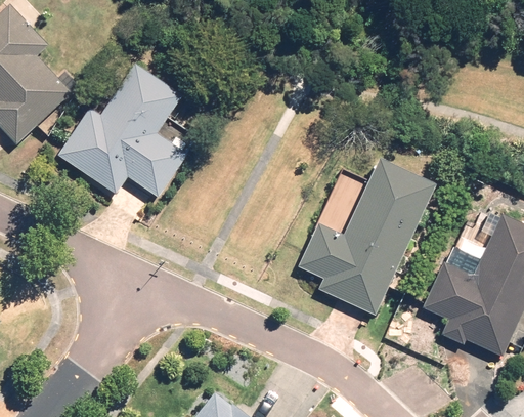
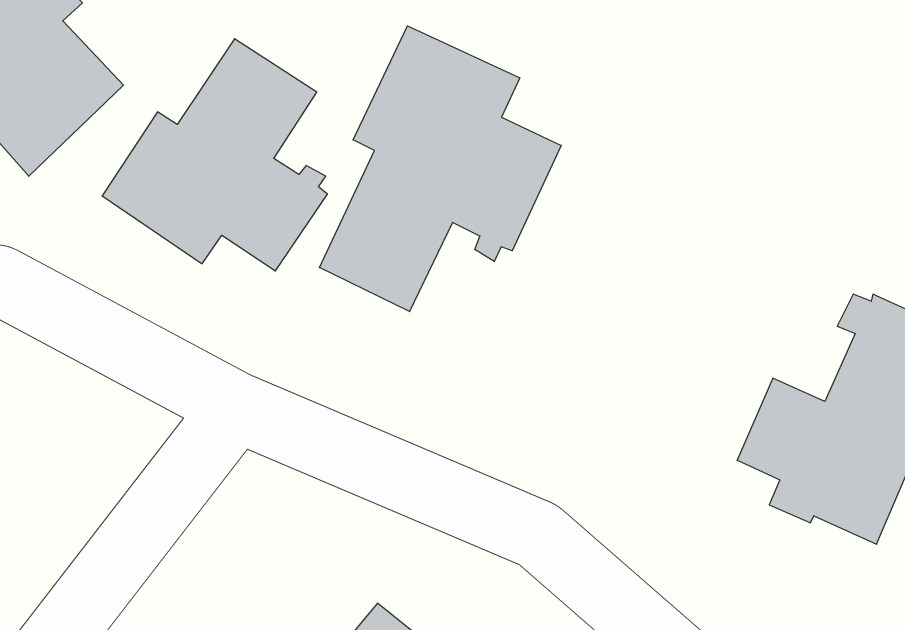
building: none -> [319,26,561,312]
building: [298,157,436,315] -> none

